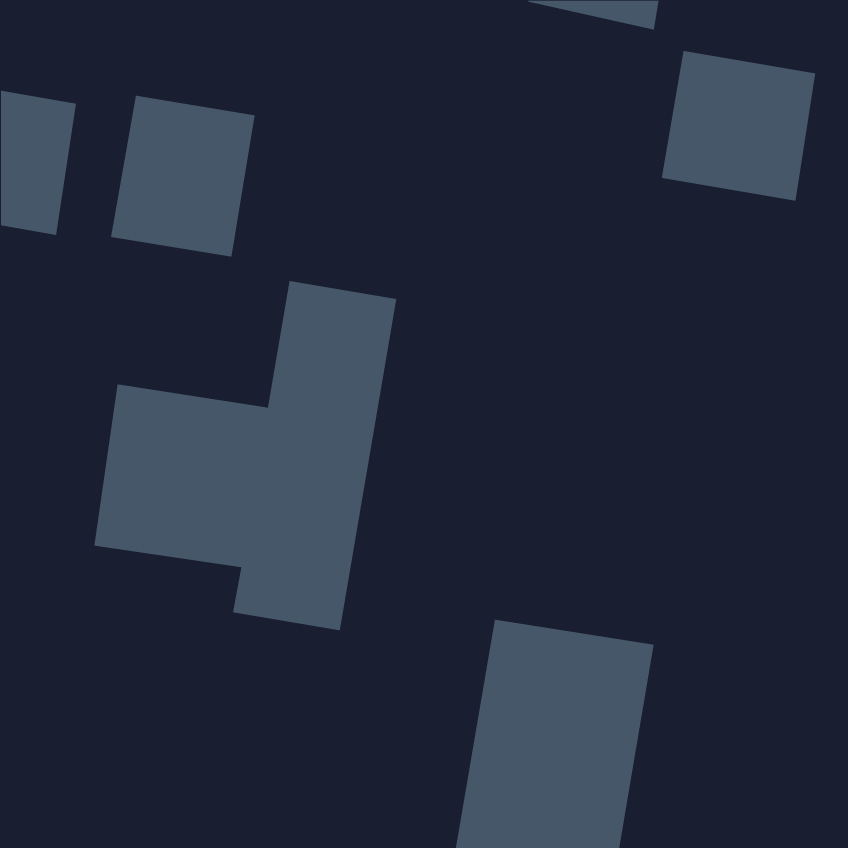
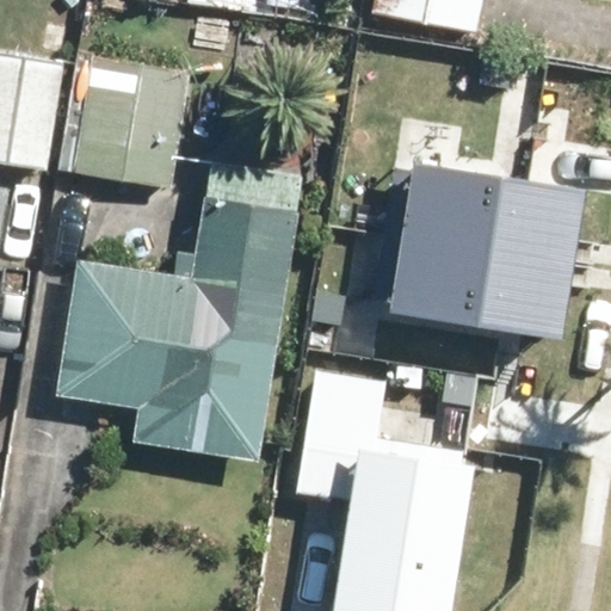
building: [661,50,816,201] -> none
building: none -> [393,160,585,331]

